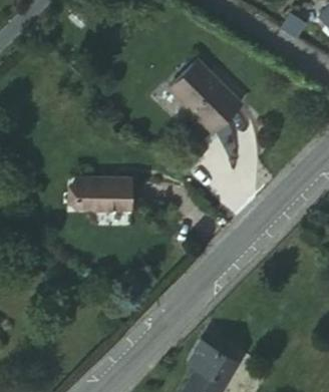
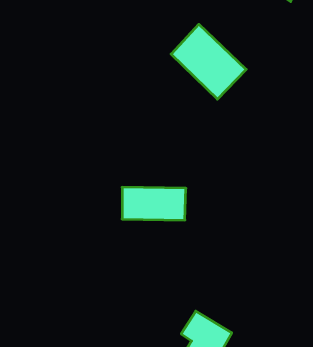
building: [74,178,136,211] -> [122,187,186,220]

